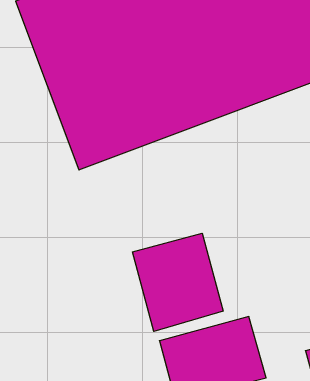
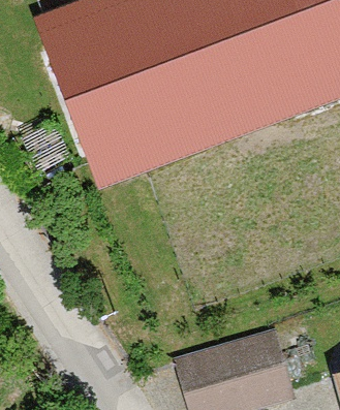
building: [133,233,223,331] -> none

